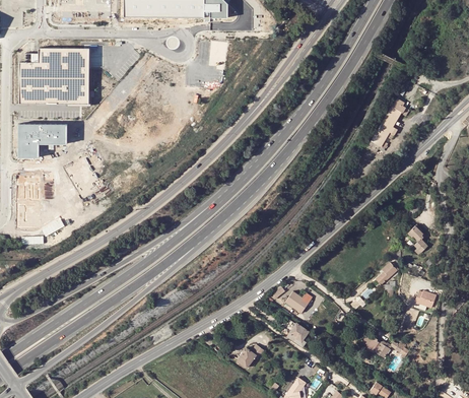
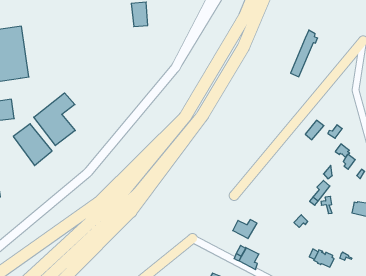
building: none -> [34,93,75,146]

